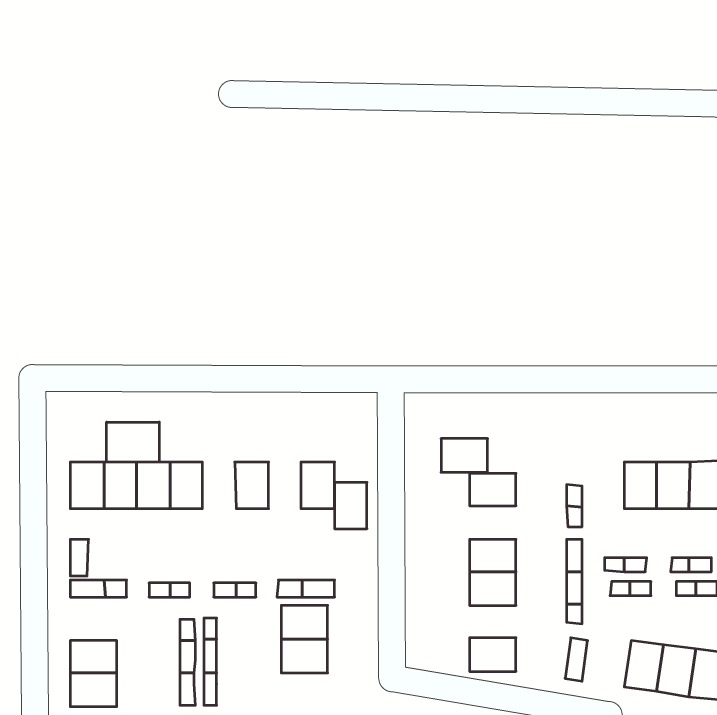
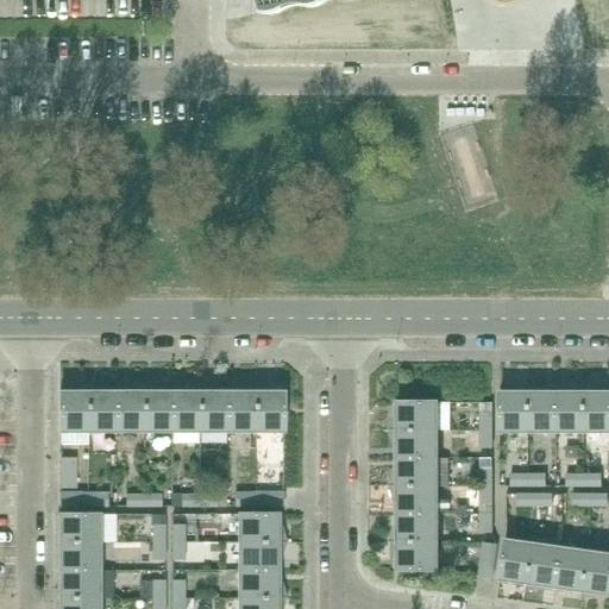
building: [107,422,159,462] -> none
building: [441,439,488,472] -> [398,428,438,457]
building: none -> [172,391,201,431]
building: none -> [501,391,529,431]
building: [335,482,367,529] -> [228,391,256,431]
building: none -> [61,513,100,542]
building: none -> [398,513,438,540]
building: none -> [501,539,535,582]
building: none -> [239,570,278,597]

